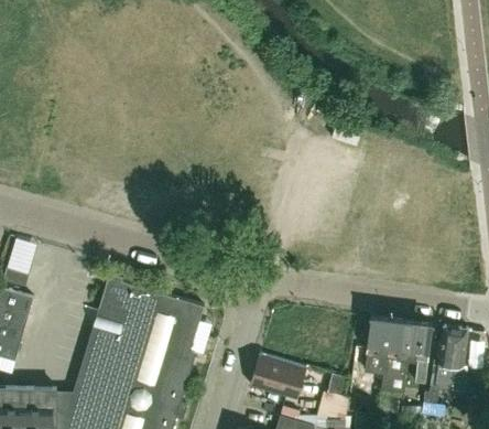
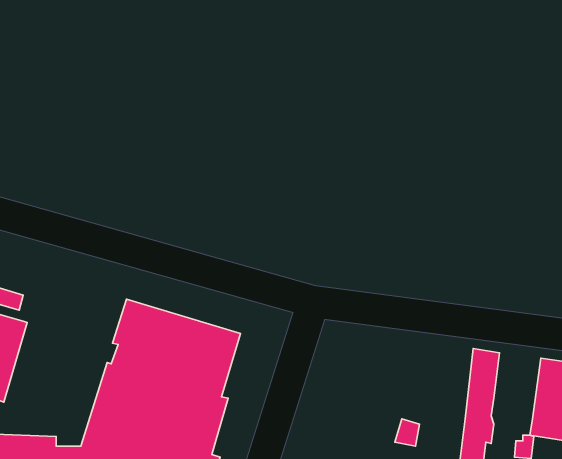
building: [363,315,390,374] -> none
building: [406,321,432,384] -> none
building: [250,354,306,398] -> none

